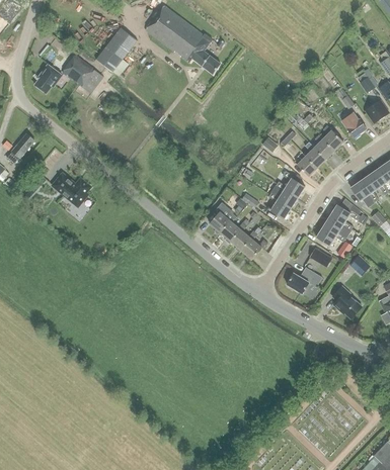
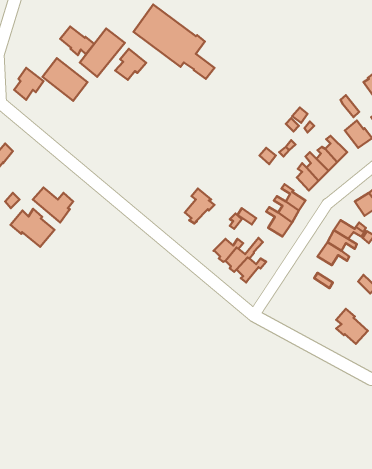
building: none -> [60,26,94,55]
building: none -> [115,49,146,80]
building: none -> [11,209,54,247]
building: [210,202,237,234] -> [185,188,214,224]
building: [287,267,322,293] -> none

